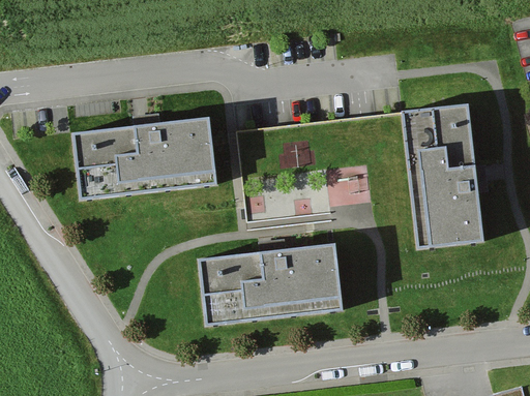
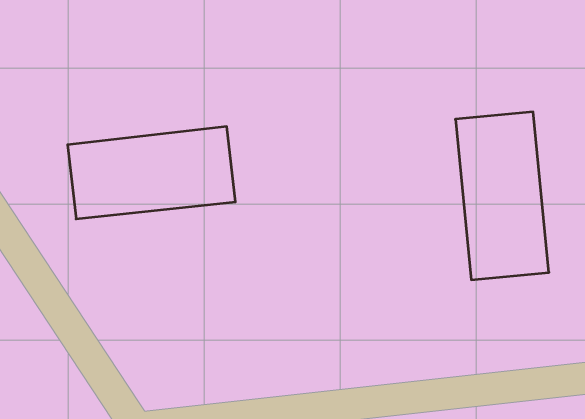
building: [202,242,347,321] -> none

